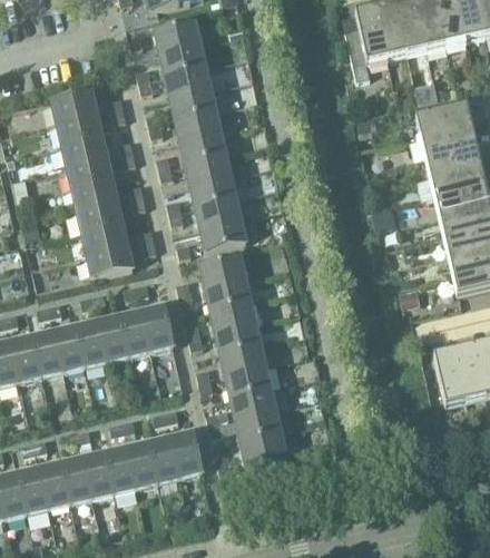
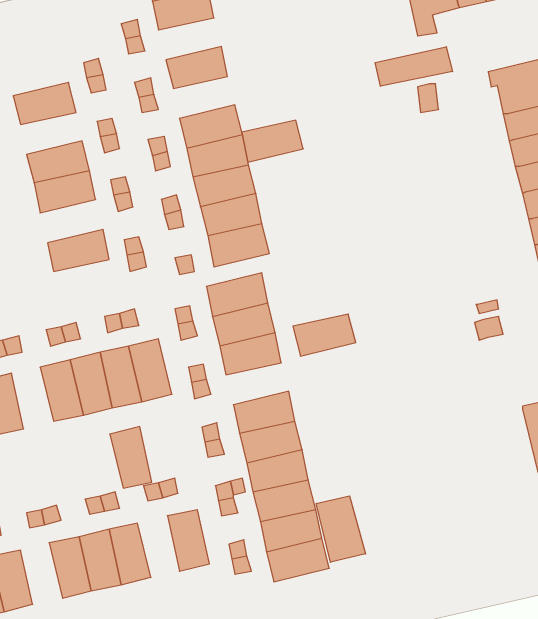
building: [164,65,210,96] -> none
building: none -> [375,47,452,86]
building: [51,90,97,123] -> none
building: [175,108,220,139] -> [242,120,303,162]
building: [61,135,107,166] -> none
building: [76,199,122,232] -> none
building: [86,244,133,275] -> none
building: [214,321,261,352] -> [293,314,356,356]
building: [55,324,86,370] -> none
building: none -> [316,496,366,562]
building: [148,434,179,480] -> [110,427,152,488]
building: [61,454,92,500] -> none

